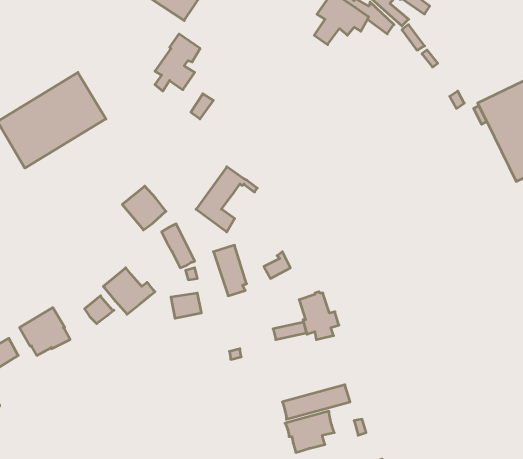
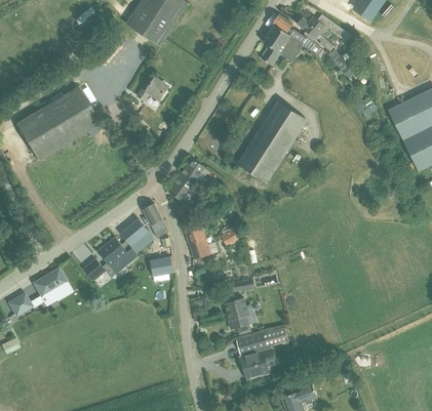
building: none -> [238,101,307,182]
building: [122,186,166,230] -> [120,218,154,252]
building: [299,292,339,340] -> [225,296,256,333]

